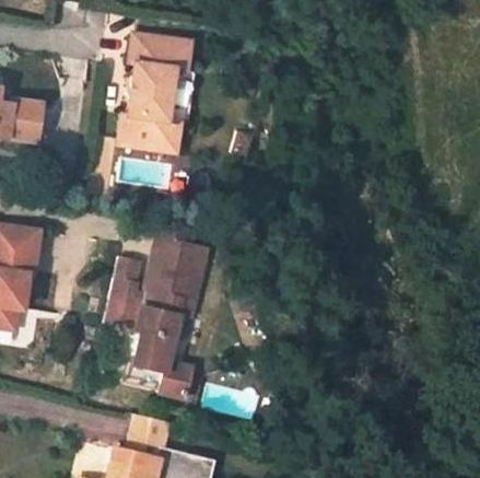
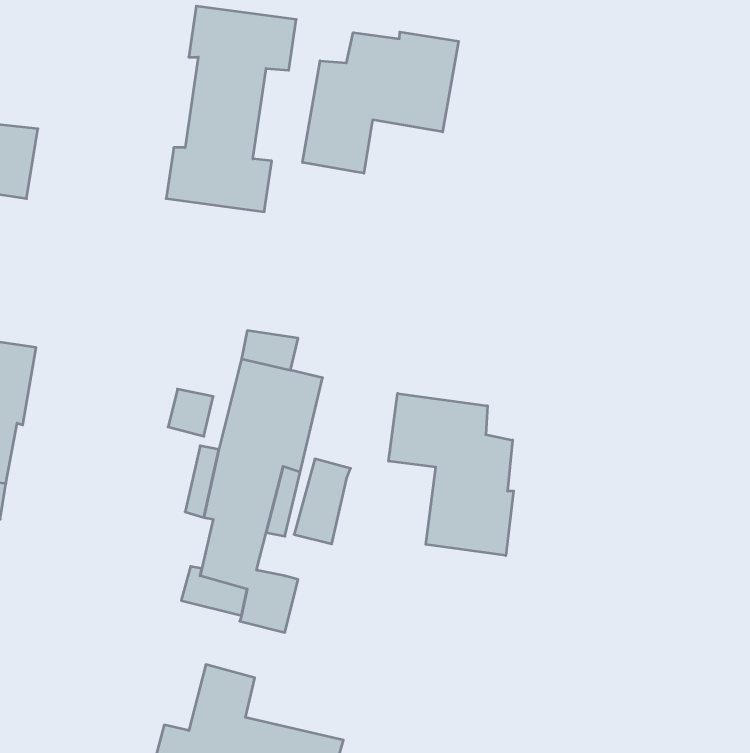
building: none -> [303,32,459,173]
building: none -> [389,393,514,556]
building: [105,276,138,325] -> [294,459,351,544]

